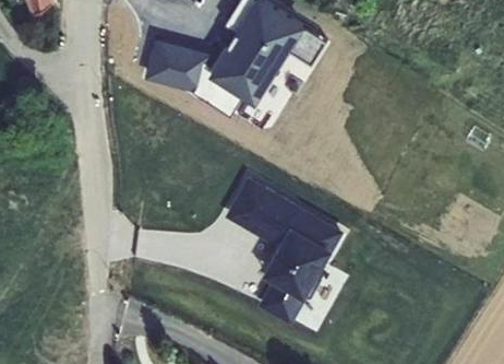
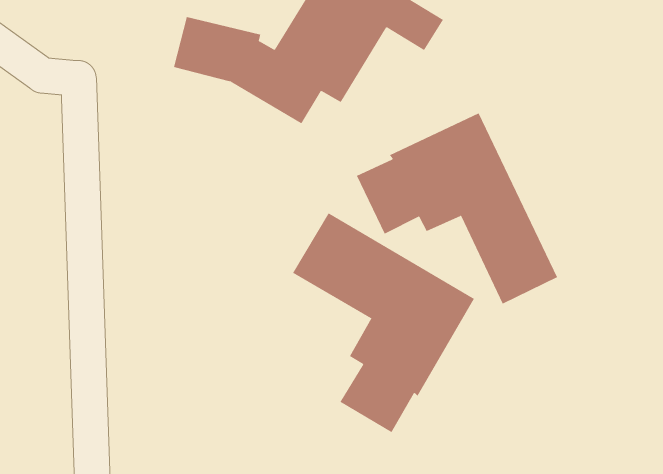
building: none -> [356,112,558,304]

